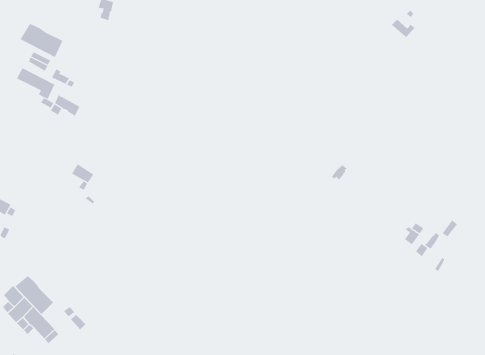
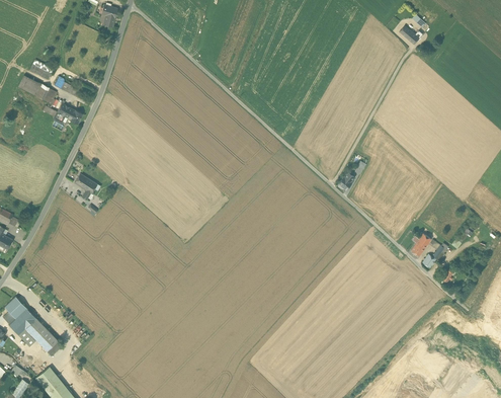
building: [20,23,63,58] -> none
building: [14,275,54,315] -> none

